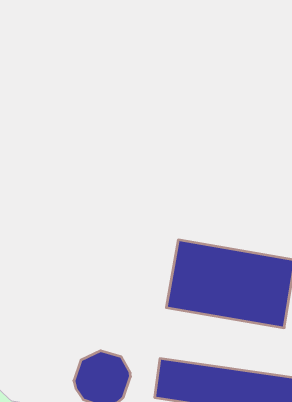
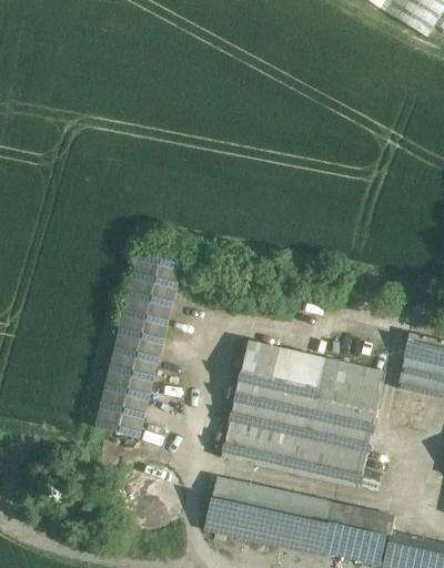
building: none -> [93,253,179,436]
building: none -> [220,422,370,494]

